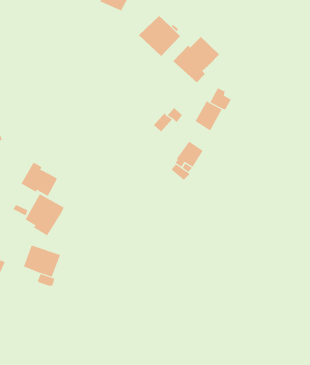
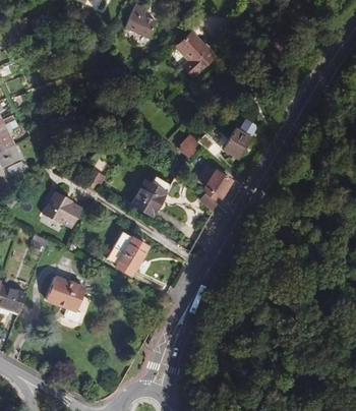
building: [173,36,220,83] -> none
building: none -> [131,176,170,216]
building: [25,194,64,236] -> [107,231,147,275]

